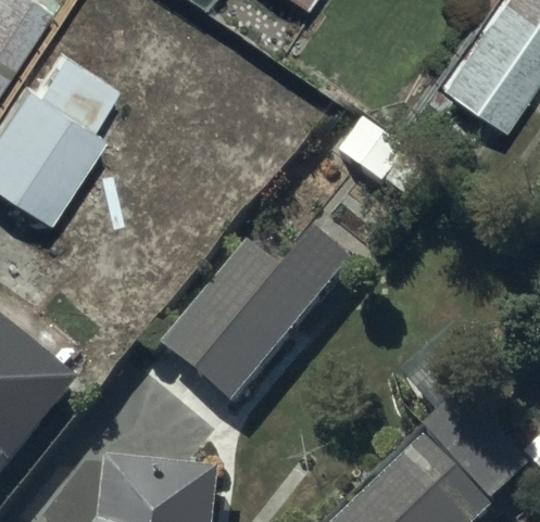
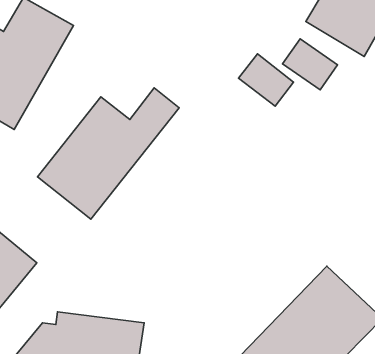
building: [164,235,349,407] -> [37,88,179,219]

